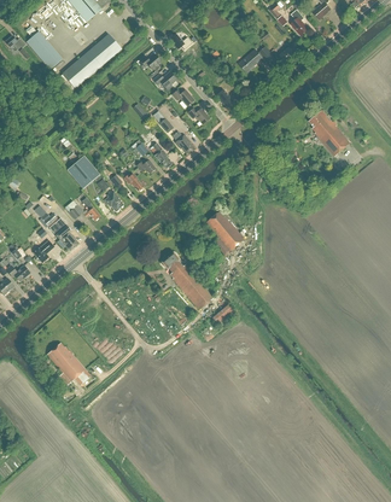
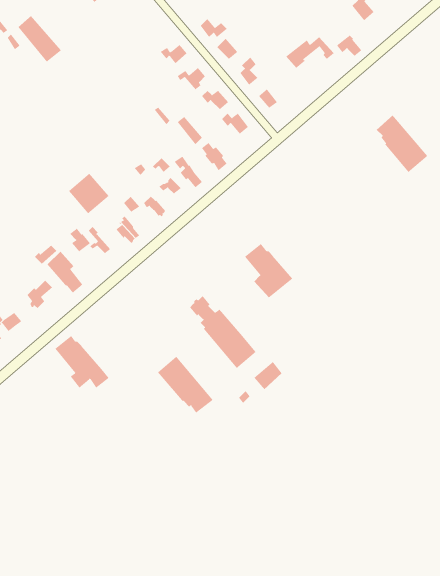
building: [62,34,121,88] -> none
building: none -> [157,356,214,414]
building: [47,343,91,385] -> [55,335,110,389]

